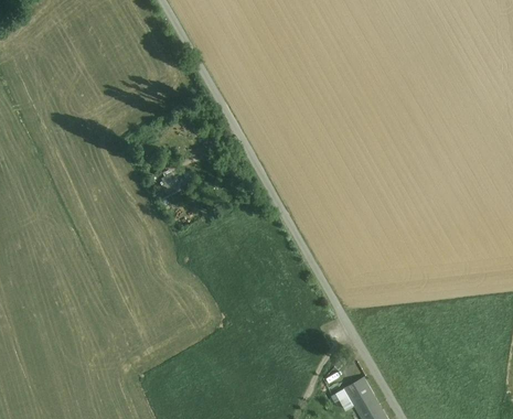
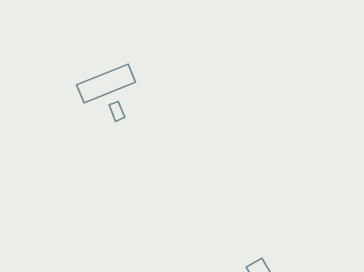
building: none -> [77,64,136,103]

